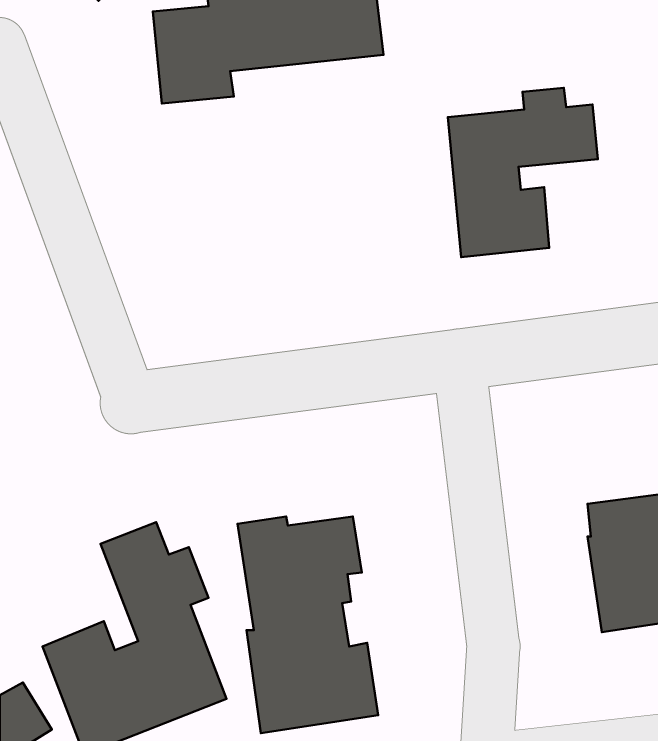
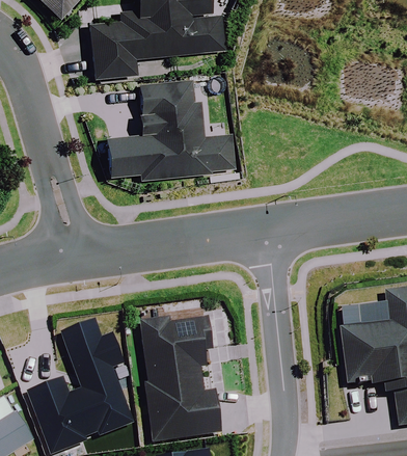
building: [448,88,598,257] -> none
building: none -> [106,82,233,181]

